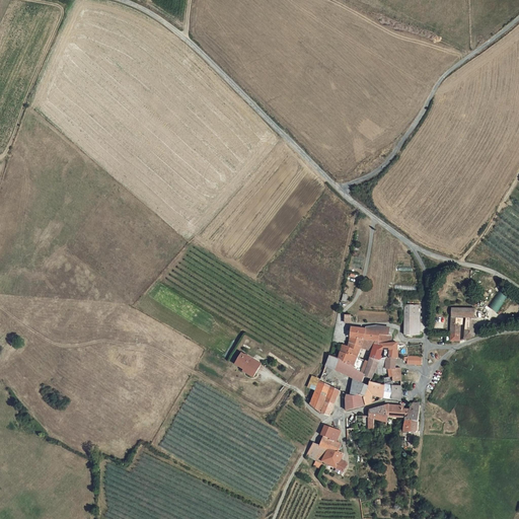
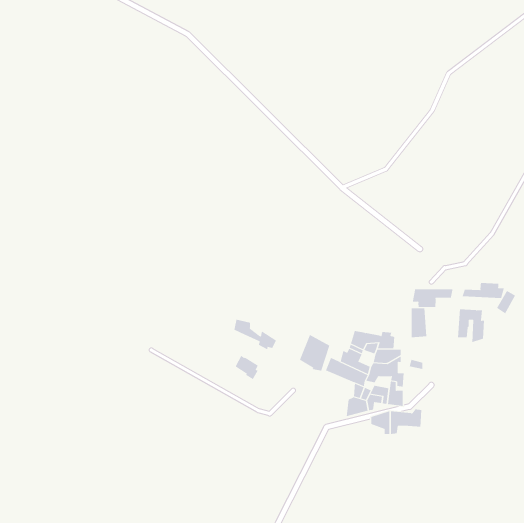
building: none -> [462,282,505,299]
building: none -> [412,289,453,308]
building: none -> [234,319,277,350]
building: [307,378,338,415] -> [299,334,330,371]
building: [305,425,349,476] -> none

